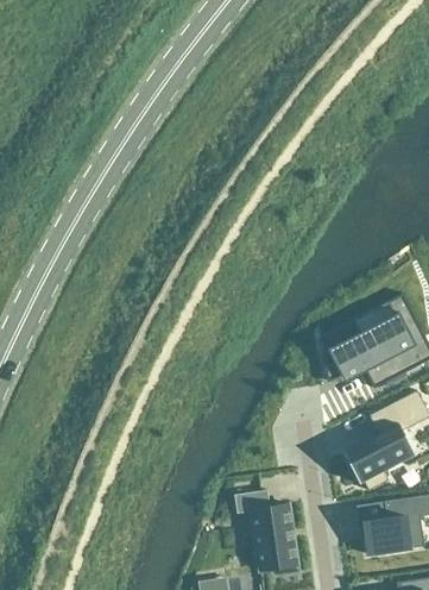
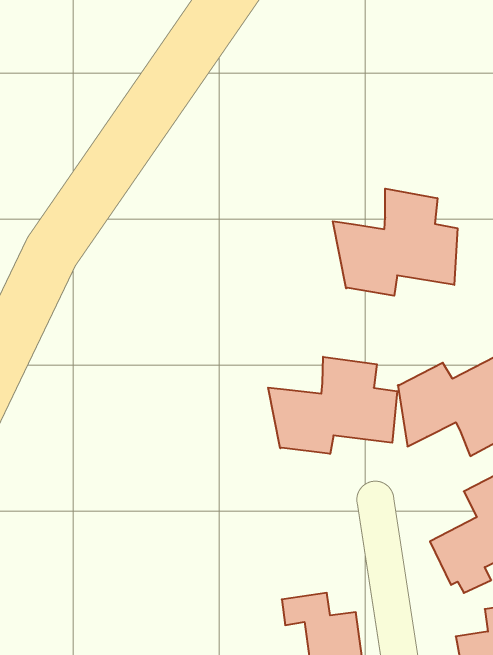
building: none -> [333,189,458,296]
building: none -> [268,357,397,454]

